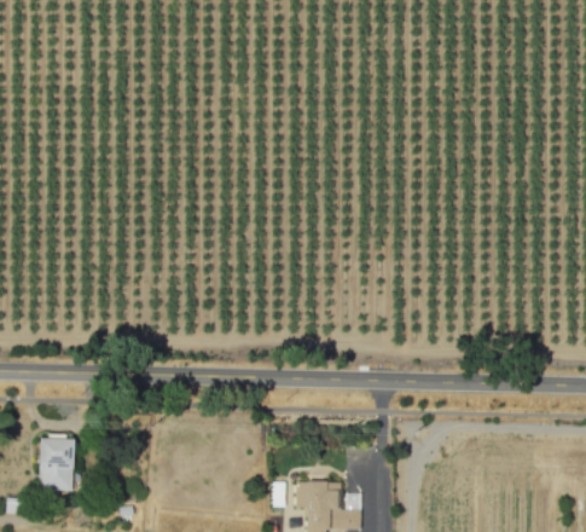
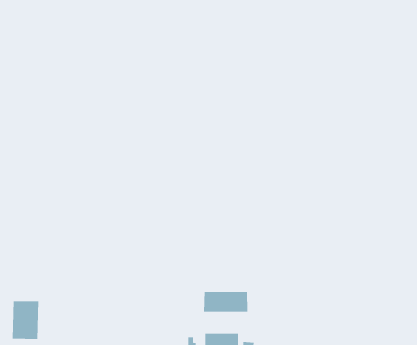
building: none -> [204,291,248,313]

